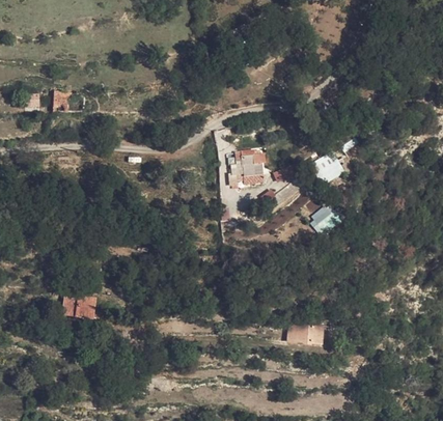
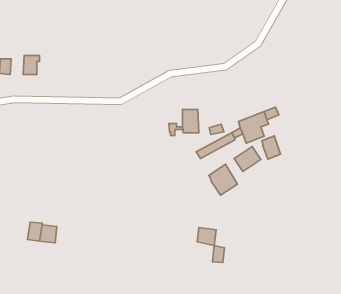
building: none -> [262,136,281,159]
building: none -> [209,164,237,195]
building: [295,322,317,344] -> [197,227,216,245]

